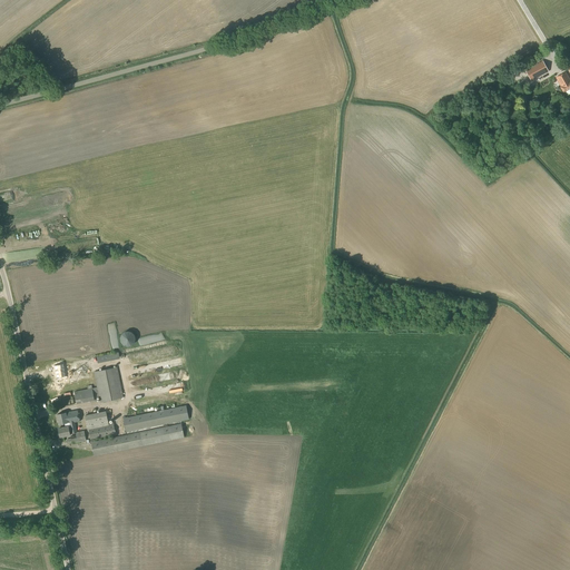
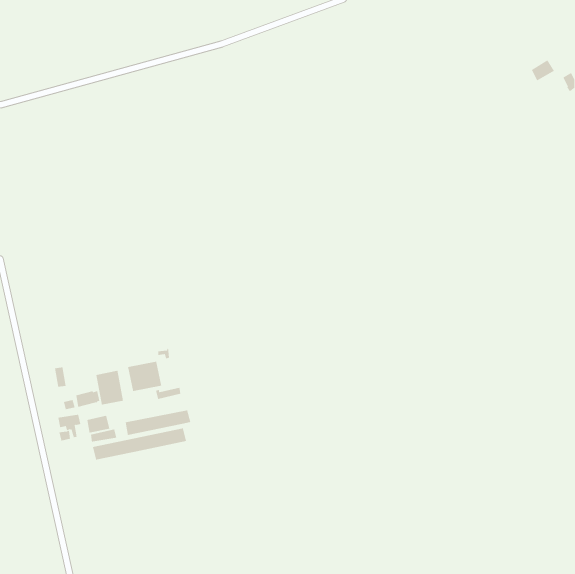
building: none -> [128,361,162,392]

